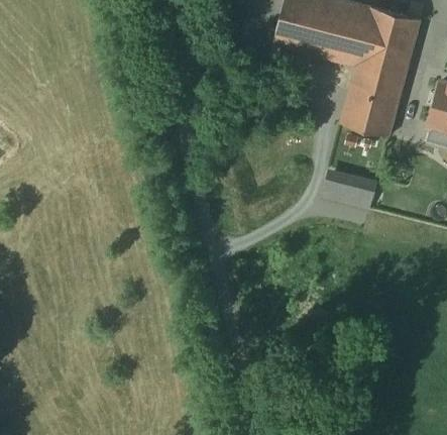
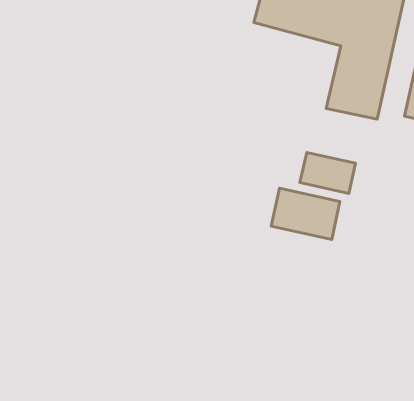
building: none -> [271,188,340,239]

